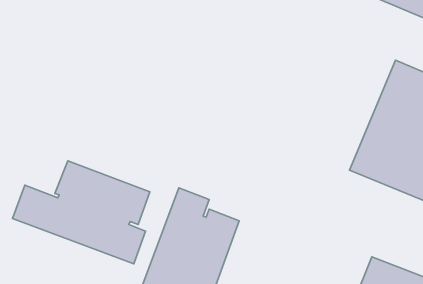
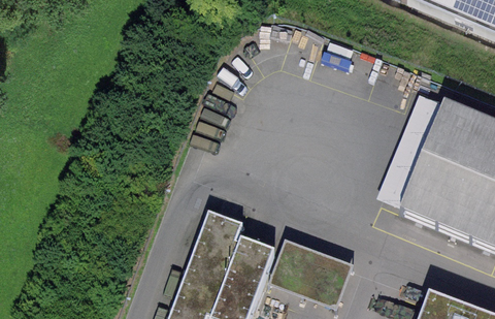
building: [13,161,150,264] -> none
building: none -> [271,241,354,308]

